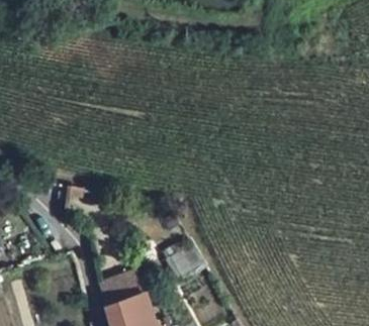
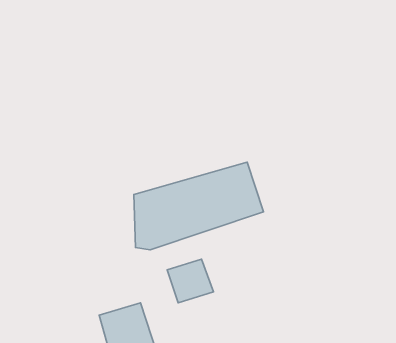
building: none -> [134,162,263,250]

